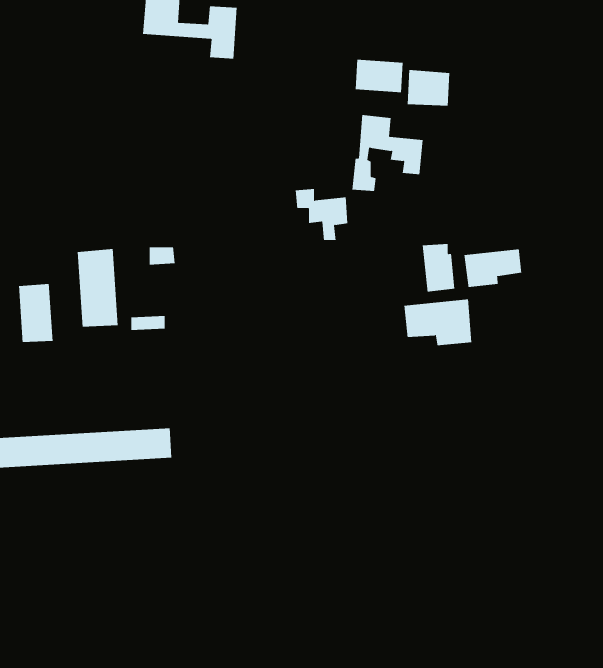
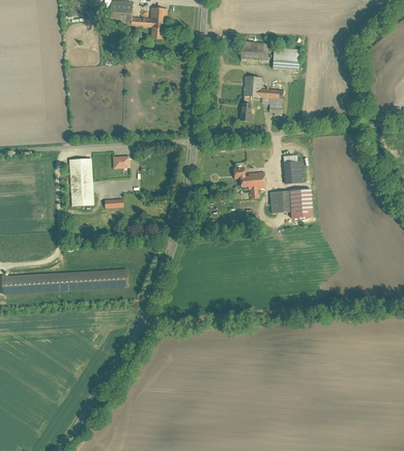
building: [295,188,348,240] -> [232,166,265,198]
building: [464,249,522,288] -> none
building: [19,283,53,343] -> none

